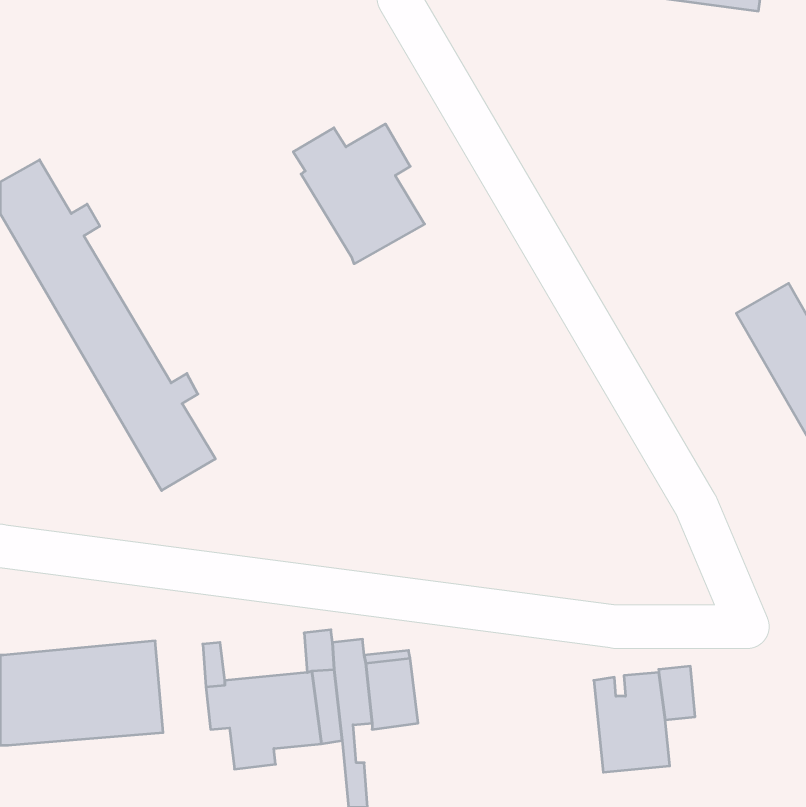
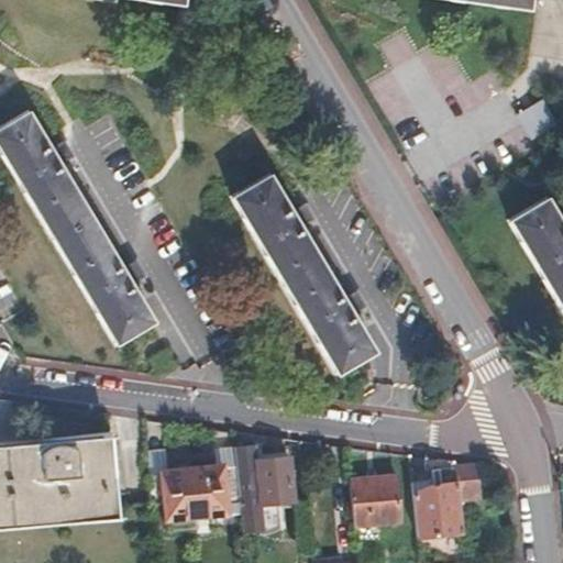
building: [293,124,425,264] -> none
building: none -> [235,173,376,372]
building: none -> [353,474,405,536]

